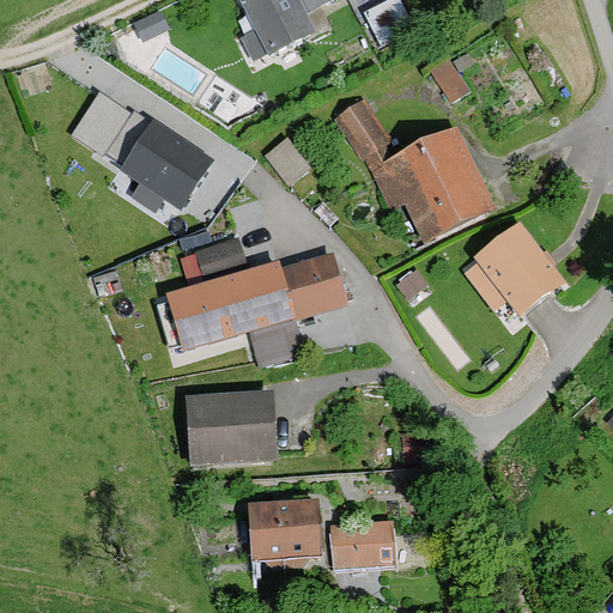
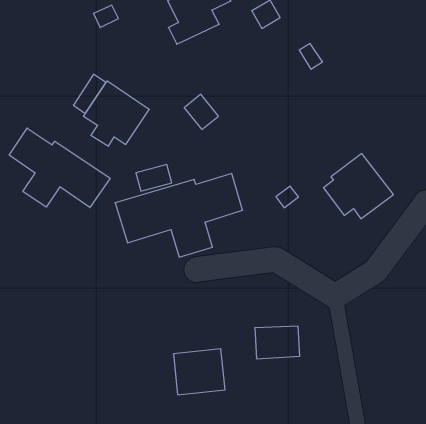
building: [71,89,132,153] -> none
building: [334,103,497,248] -> none
building: none -> [9,128,110,208]
building: [186,387,278,461] -> none
building: [329,524,394,571] -> [255,326,300,359]

